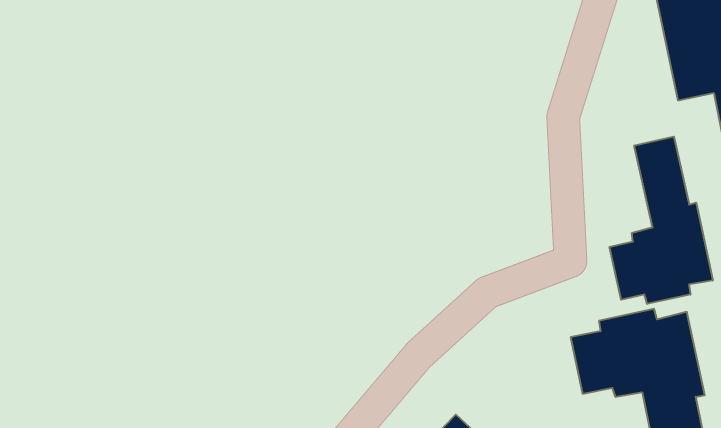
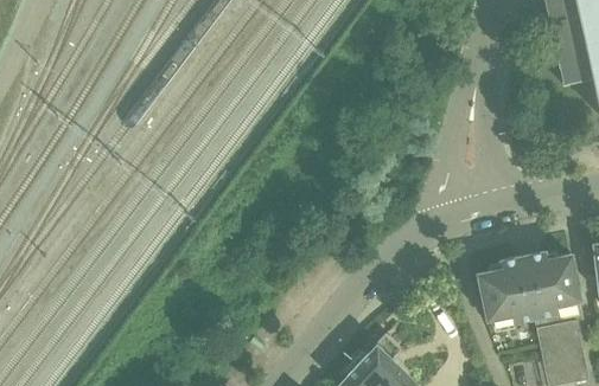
building: [610,137,713,304] -> none

